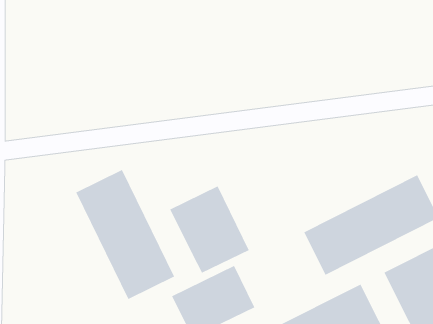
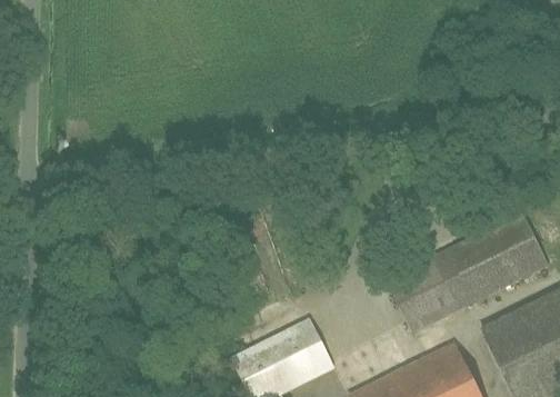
building: [76,169,175,300] -> none
building: [169,185,250,273] -> none

